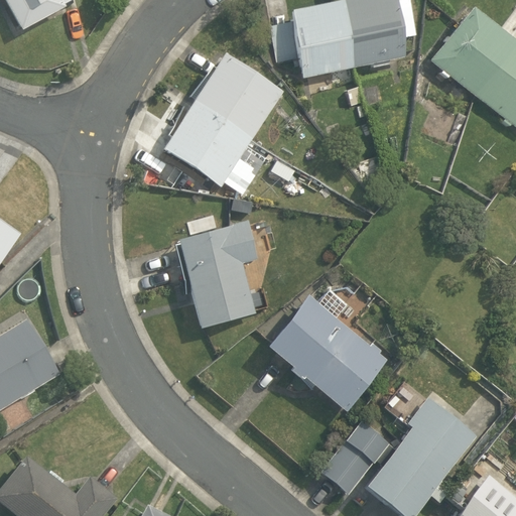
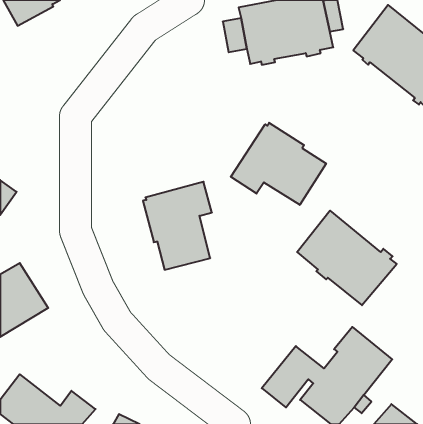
building: [161,51,284,187] -> none
building: none -> [231,123,326,205]
building: [268,295,389,410] -> [297,211,397,305]

